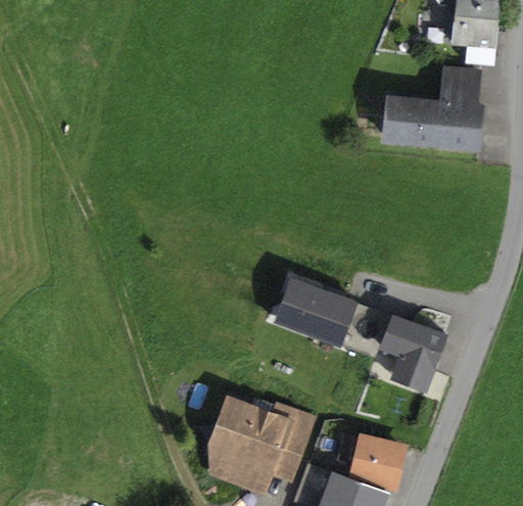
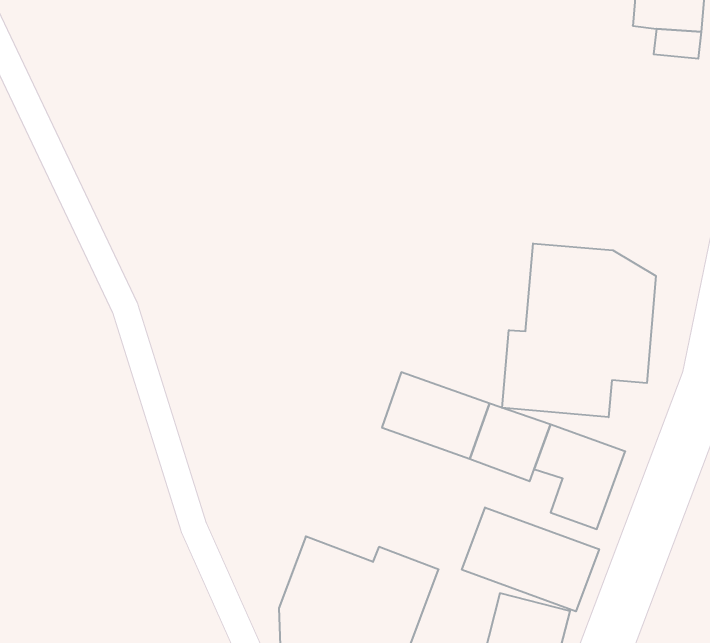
building: [381,65,484,151] -> none
building: none -> [502,243,656,417]
building: none -> [462,507,599,611]

